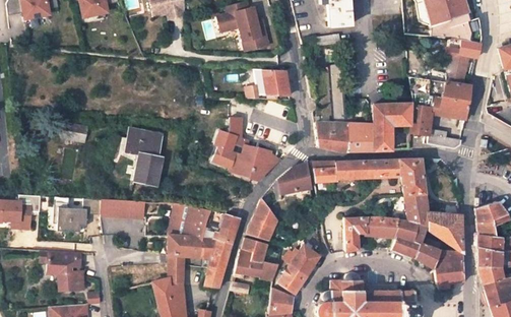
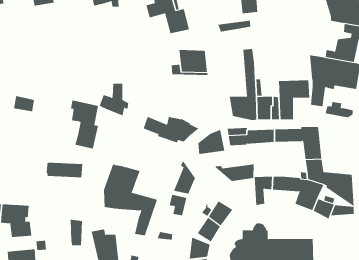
building: [213,117,249,155] -> [99,83,129,116]
building: [57,199,102,232] -> none
building: none -> [213,164,254,182]
building: [202,213,239,244] -> none
building: [237,250,277,278] -> none
building: [169,253,184,284] -> [70,219,83,246]
building: [433,261,463,284] -> none

